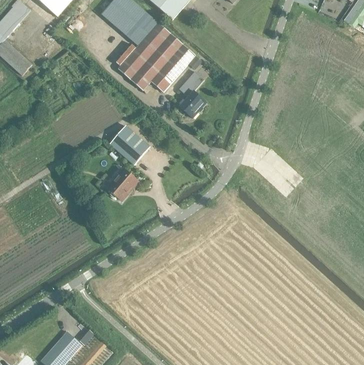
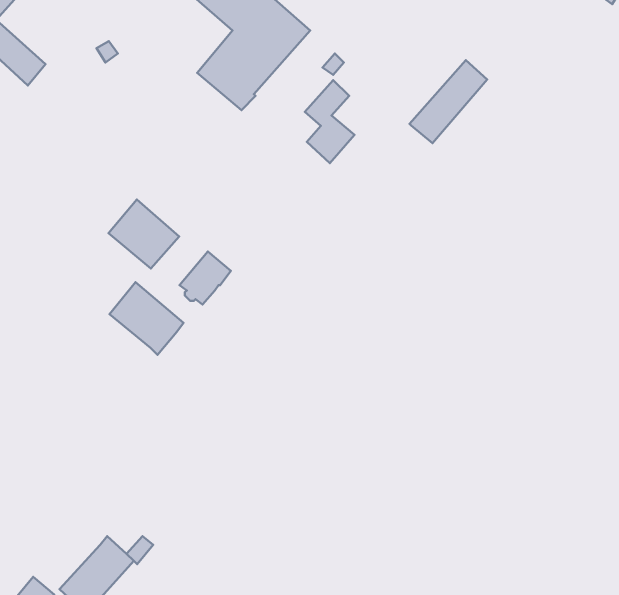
building: [149,44,193,91] -> [409,60,487,143]
building: [109,125,149,164] -> [109,200,179,268]
building: none -> [110,282,184,355]

